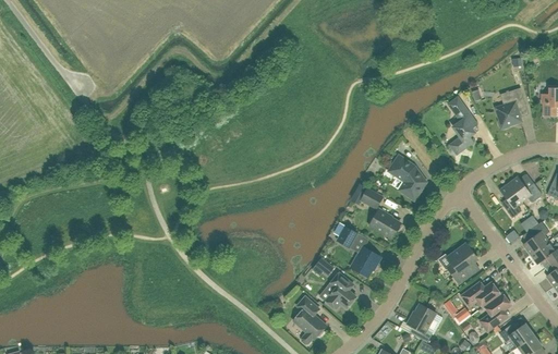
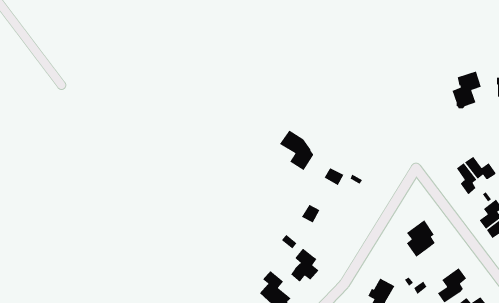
building: [449,97,477,154] -> none
building: [388,156,425,199] -> [279,130,314,171]
building: [369,209,401,239] -> none
building: [351,247,380,277] -> none
building: [461,281,502,307] -> none

